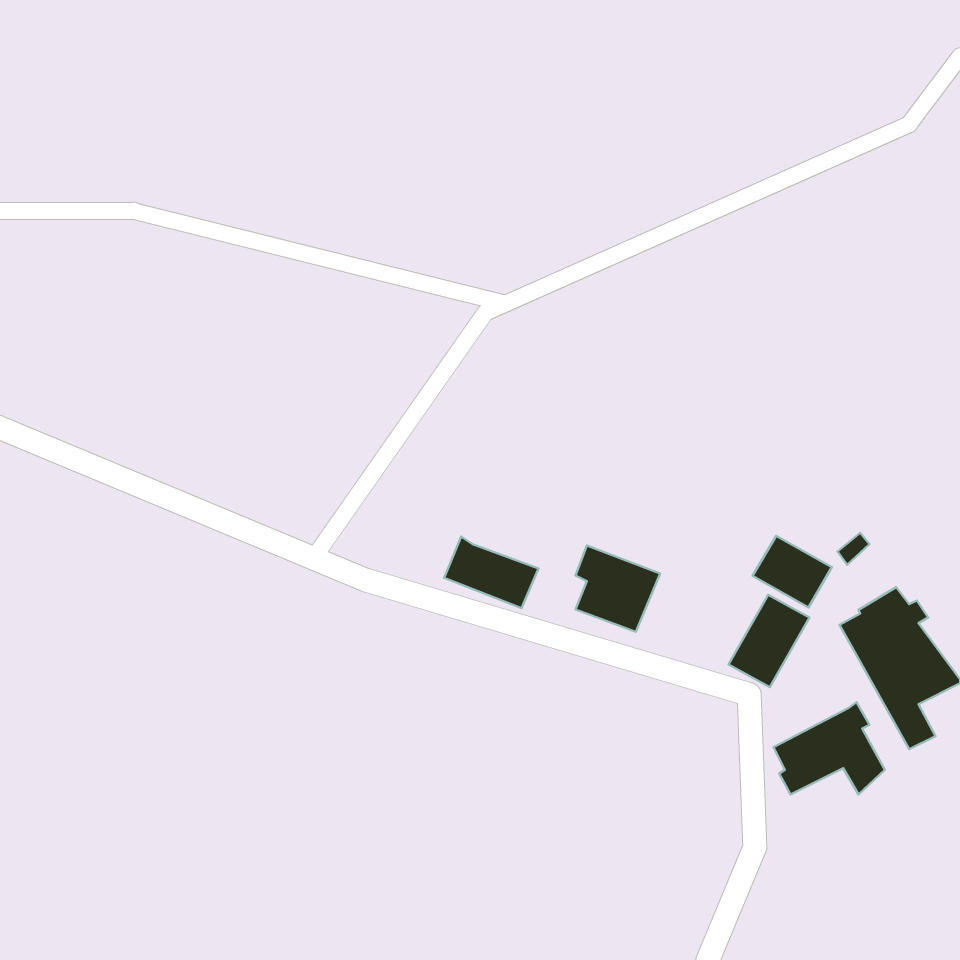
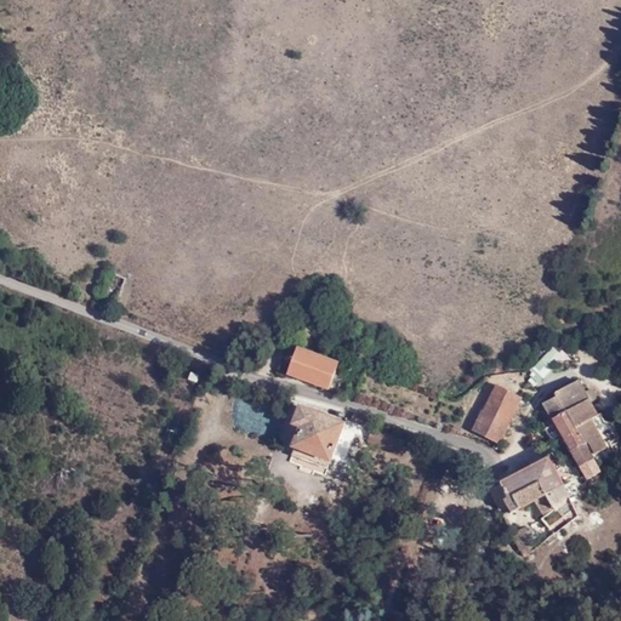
building: [753,536,832,607] -> none
building: [576,545,660,632] -> [289,405,343,461]

